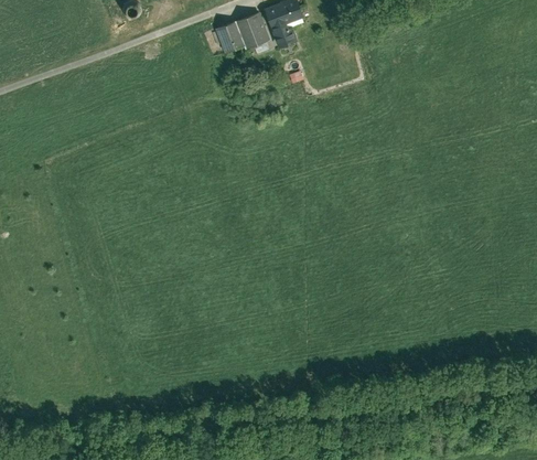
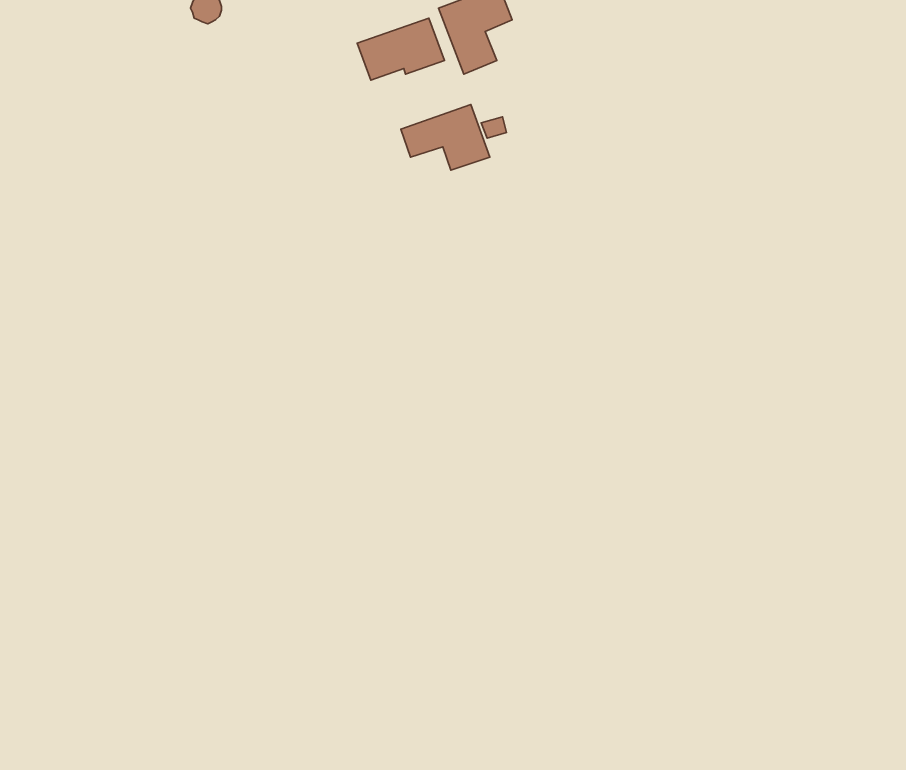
building: none -> [401,105,490,170]

